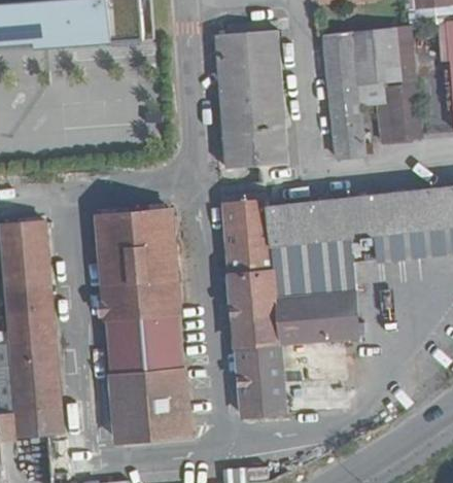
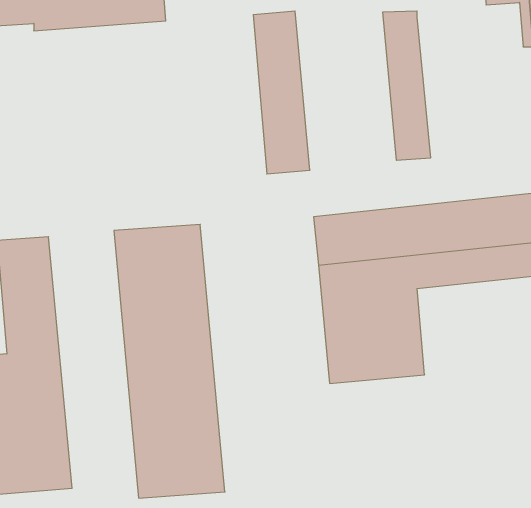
building: [250,31,288,166] -> none
building: [352,32,423,140] -> none
building: [224,202,285,416] -> none

